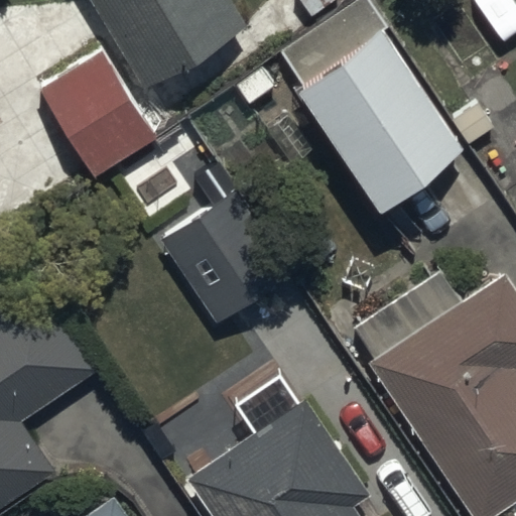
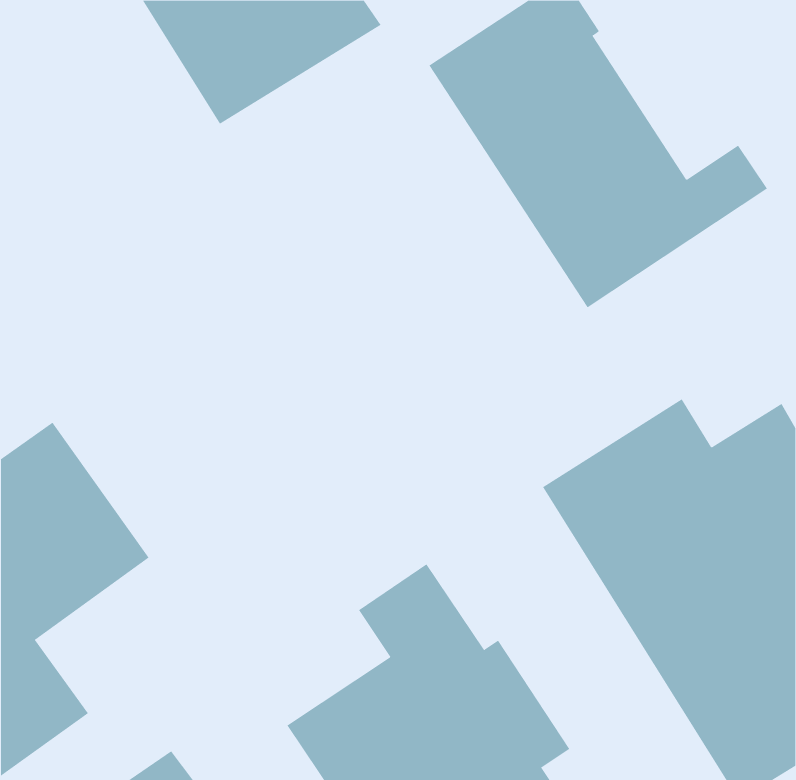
building: [38,51,156,179] -> none
building: [157,195,281,326] -> none

